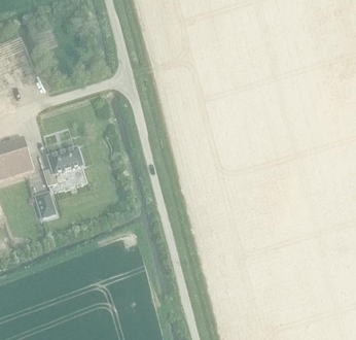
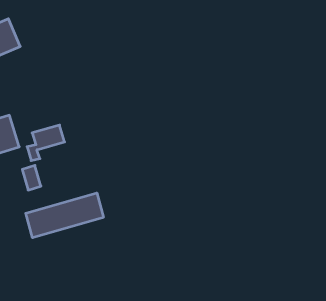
building: none -> [26,193,103,238]

